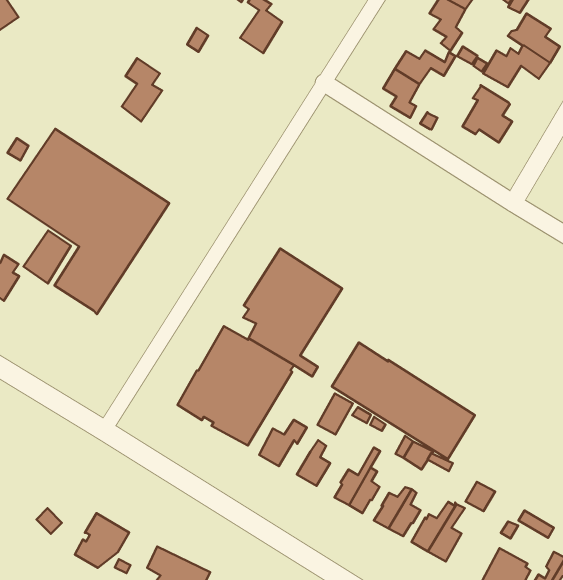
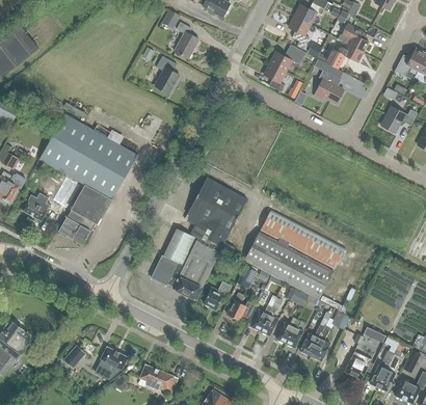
building: [122,58,162,122] -> [155,56,179,94]
building: none -> [58,210,96,245]
building: none -> [259,209,345,270]

